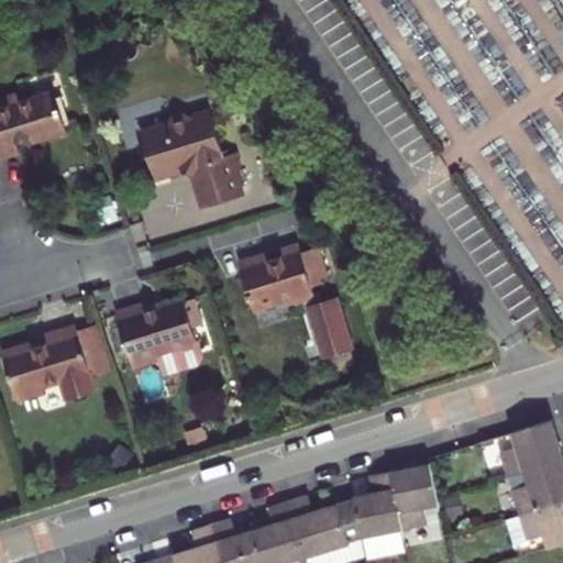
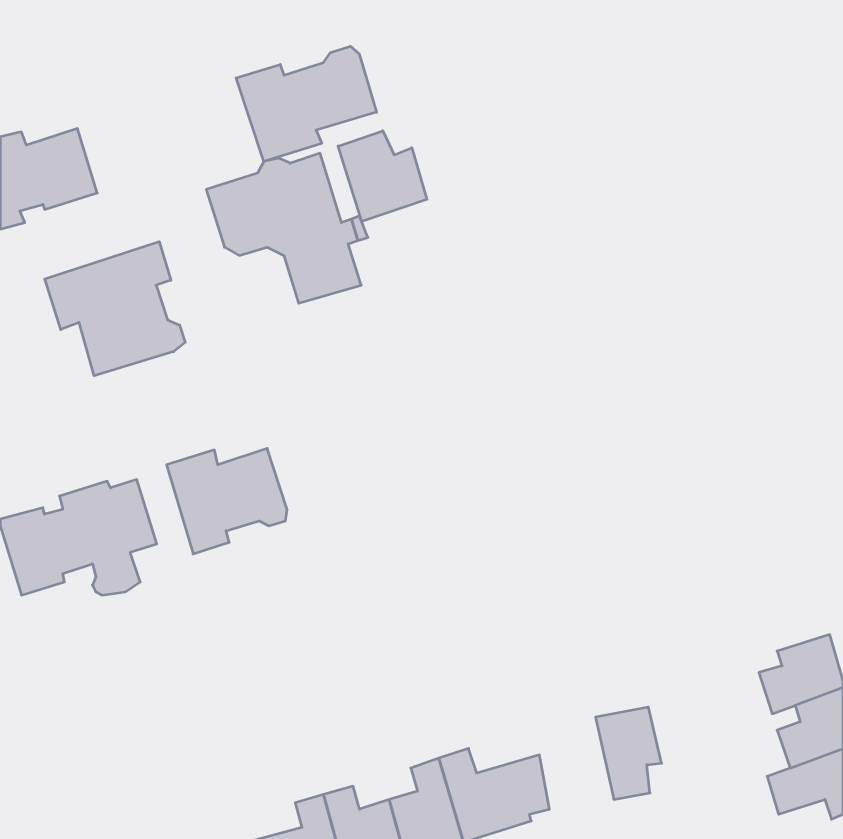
building: none -> [236,46,377,162]
building: none -> [338,131,427,222]
building: none -> [45,242,185,376]
building: [238,243,351,360] -> none
building: [360,481,409,543] -> none

